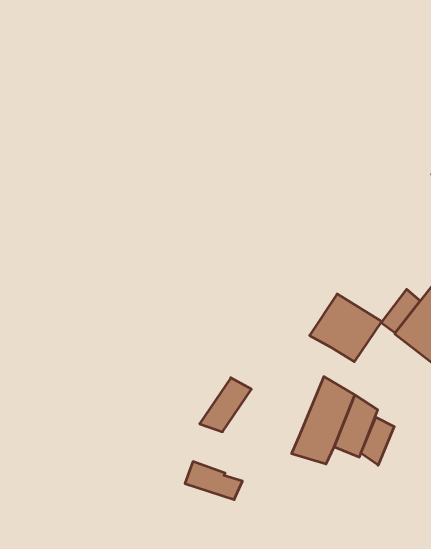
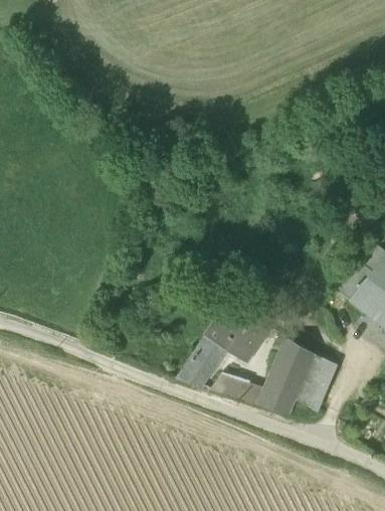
building: [310,294,382,362] -> [206,303,269,362]
building: [361,417,394,465] -> none
building: [185,462,242,500] -> [216,372,266,405]

